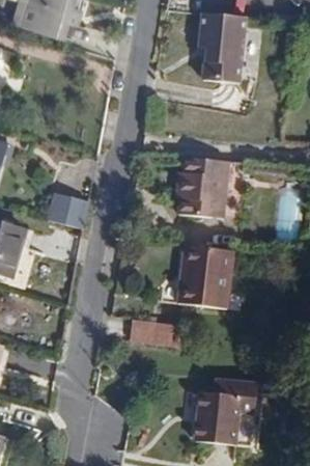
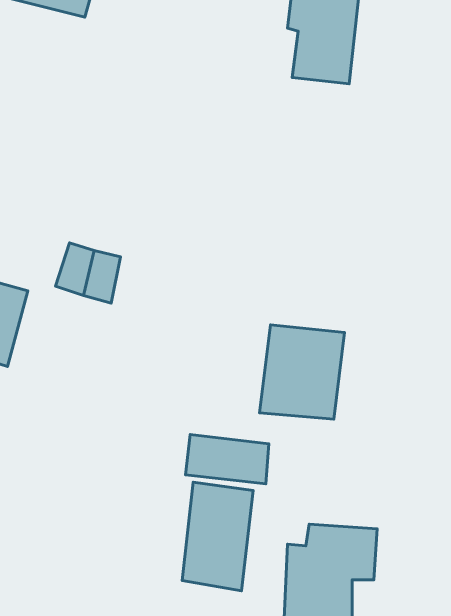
building: [176,157,229,220] -> none
building: none -> [182,482,253,591]

